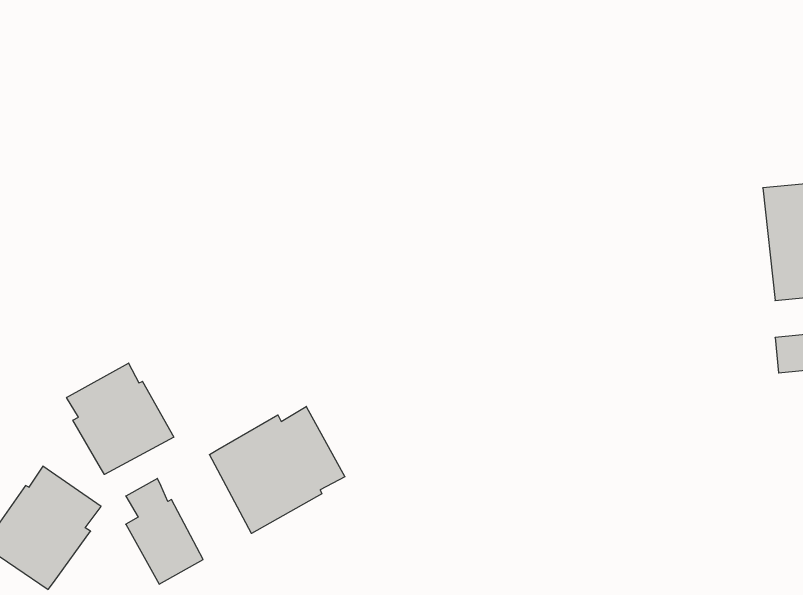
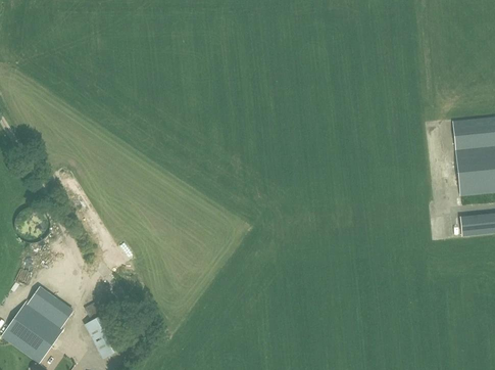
building: [67,363,174,474] -> none
building: [209,406,345,533] -> none

